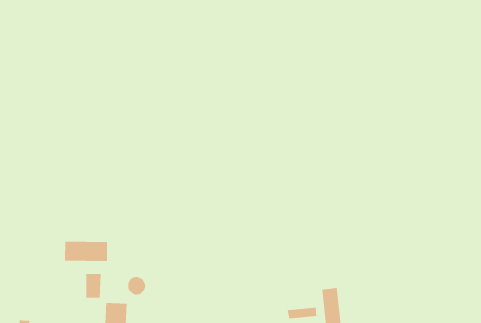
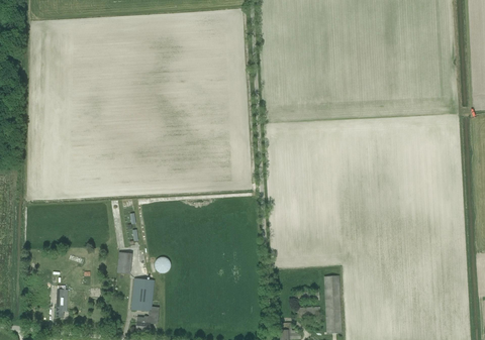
building: [65,241,108,262] -> none

